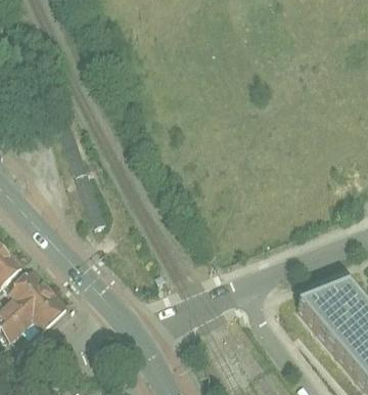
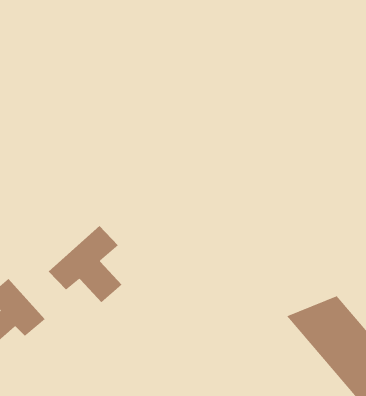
building: none -> [48,225,123,303]

